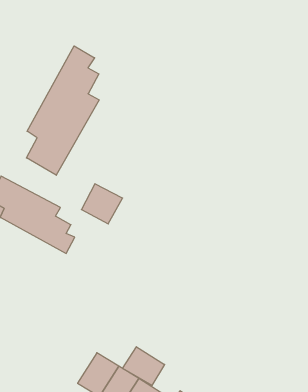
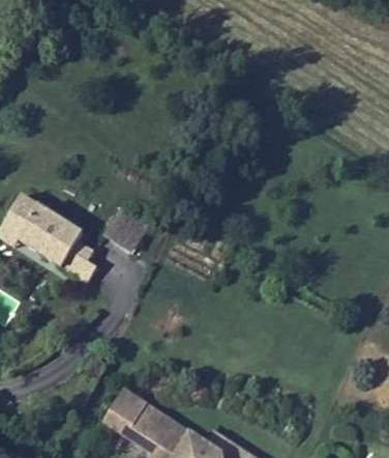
building: [26,46,99,175] -> none
building: [123,347,165,386] -> none

